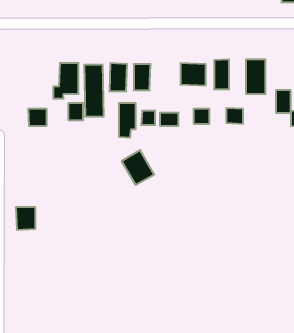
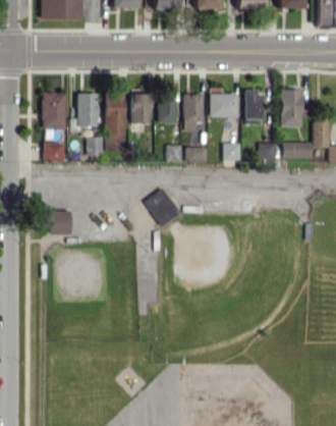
building: none -> [42,92,67,129]
building: [119,103,136,138] -> [184,94,203,131]
building: none -> [284,142,313,157]
building: [16,207,35,230] -> [50,210,71,234]

